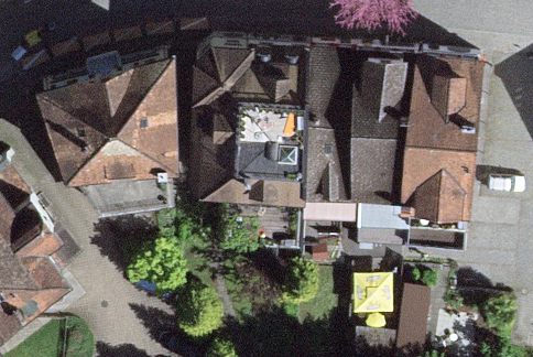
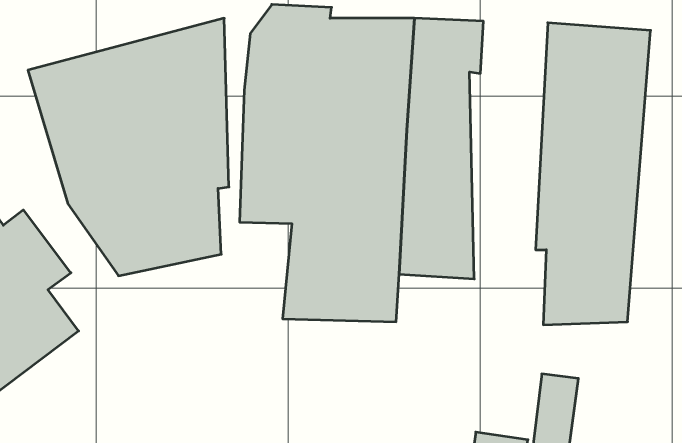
building: [351,36,407,255] -> none

